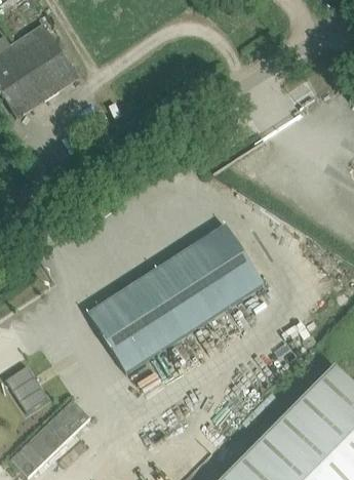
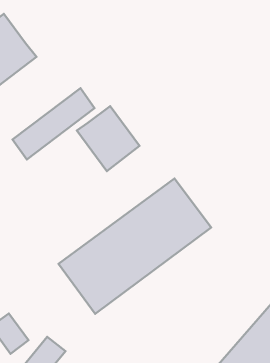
building: none -> [13,88,95,160]
building: none -> [77,106,140,171]

